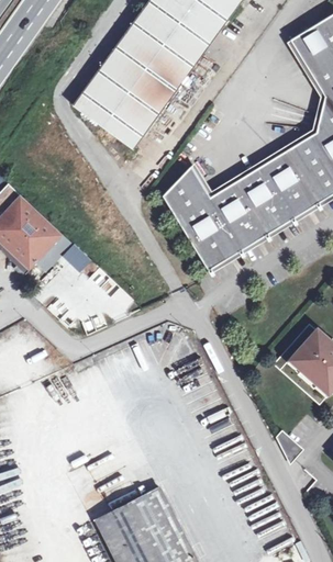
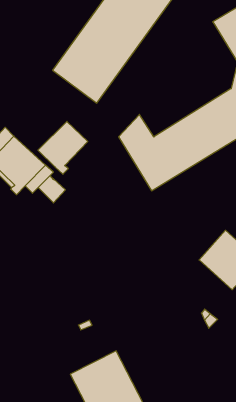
building: none -> [38,121,88,174]

